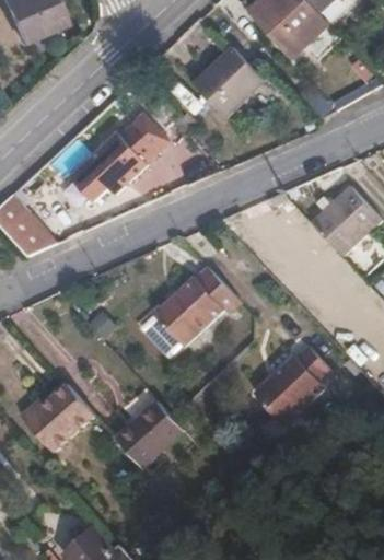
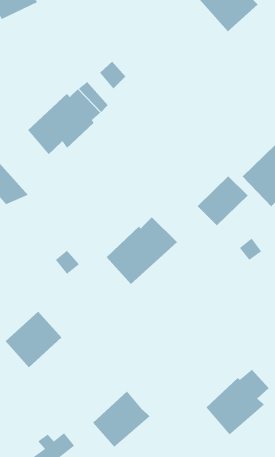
building: [186,43,258,116] -> none
building: none -> [197,175,248,226]
building: [249,353,325,432] -> [206,369,269,435]
building: [117,398,186,466] -> [92,391,150,448]

